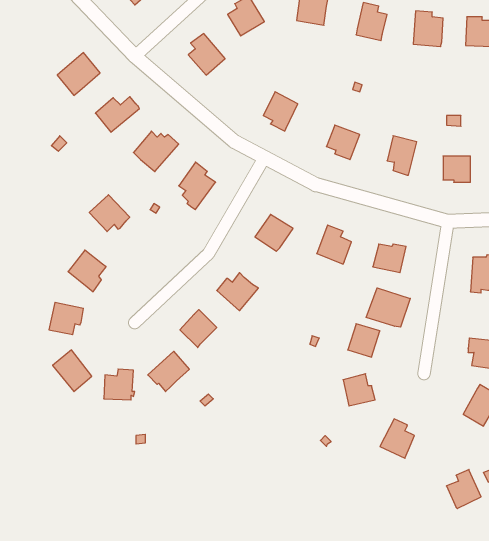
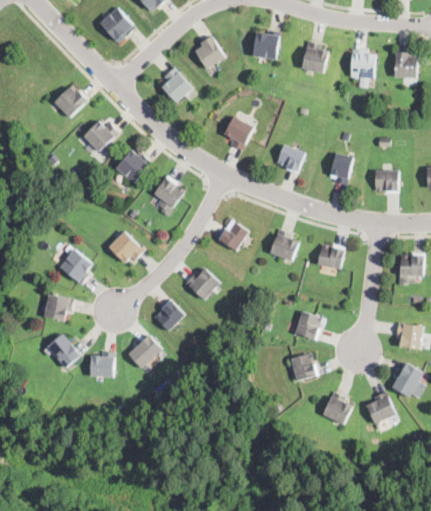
building: [89,195,130,232] -> [109,231,143,262]
building: [366,288,410,327] -> none
building: [446,469,481,509] -> [366,391,395,424]

